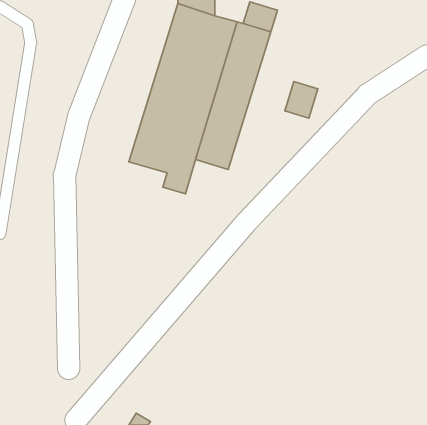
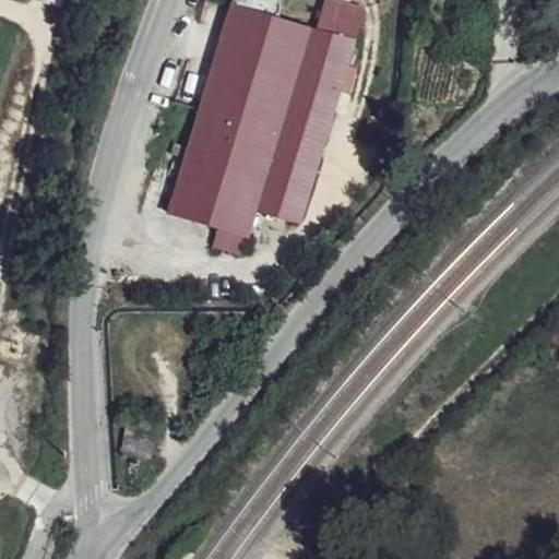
building: [285,82,318,118] -> none

